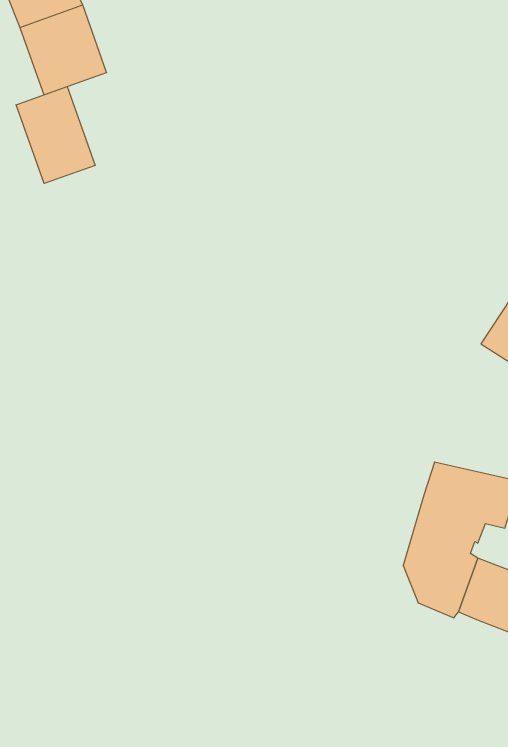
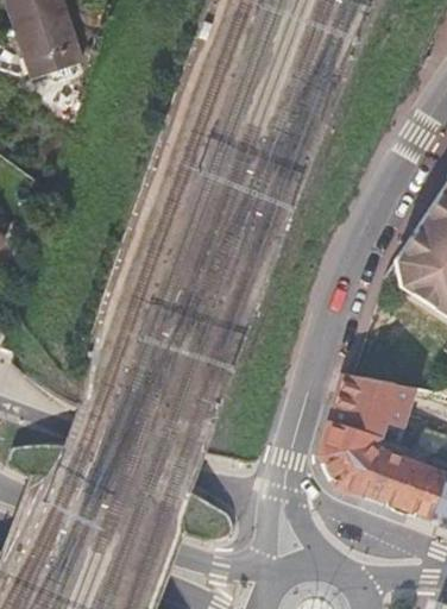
building: [16,87,95,183] -> none

